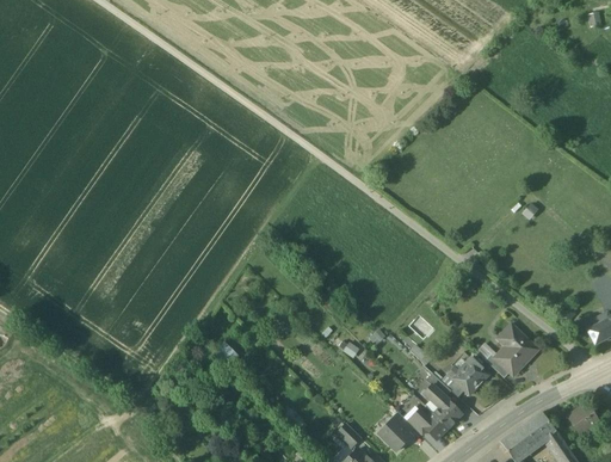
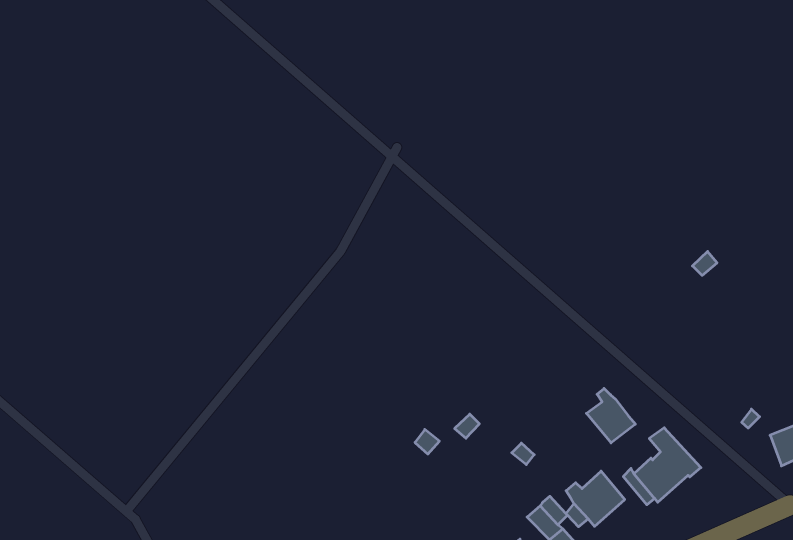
building: none -> [586,388,635,443]

